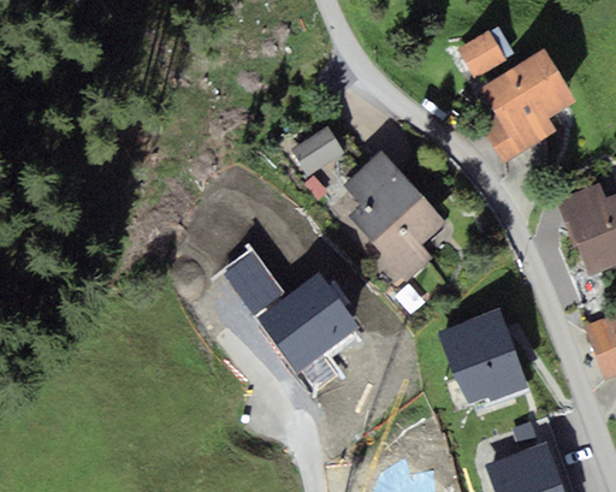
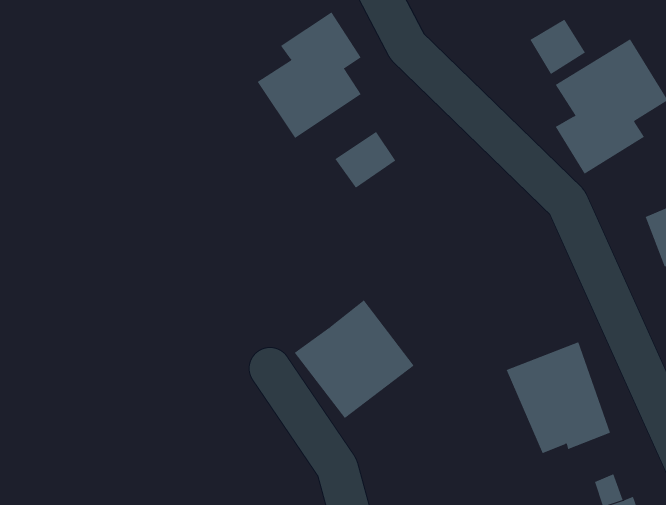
building: none -> [257,11,362,139]
building: [343,150,446,281] -> none
building: [220,250,285,318] -> none

